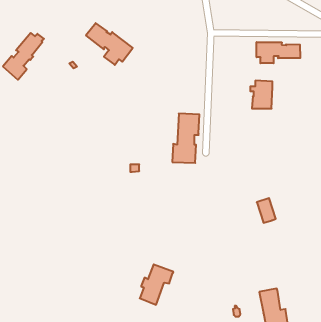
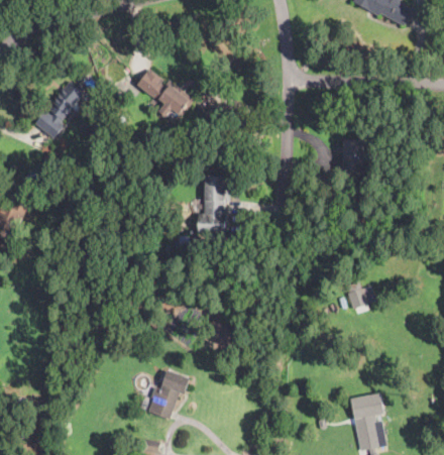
building: [257,42,300,63] -> none
building: [172,114,199,163] -> [197,176,230,236]
building: [140,264,173,305] -> [147,369,189,419]

